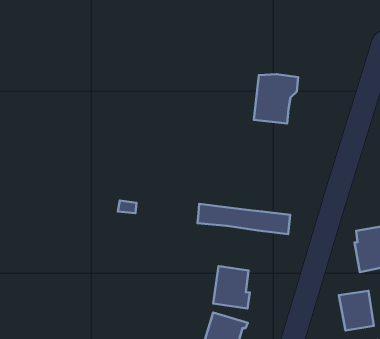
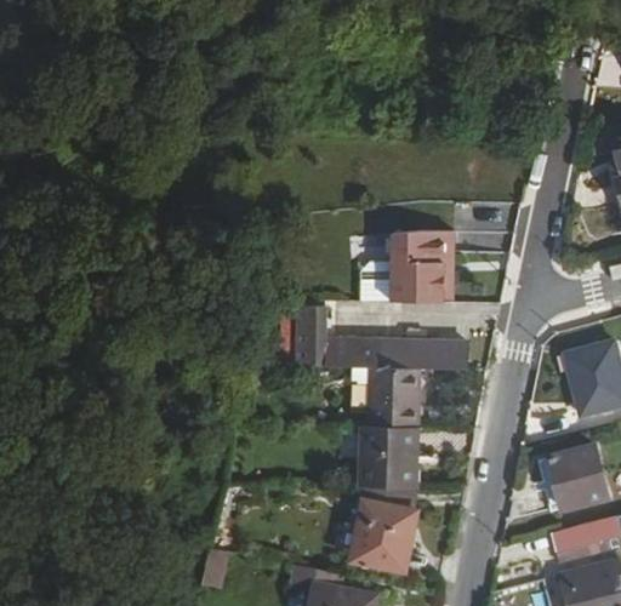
building: [254,74,298,124] -> [394,236,455,309]
building: none -> [300,304,329,366]
building: none -> [371,366,421,430]

